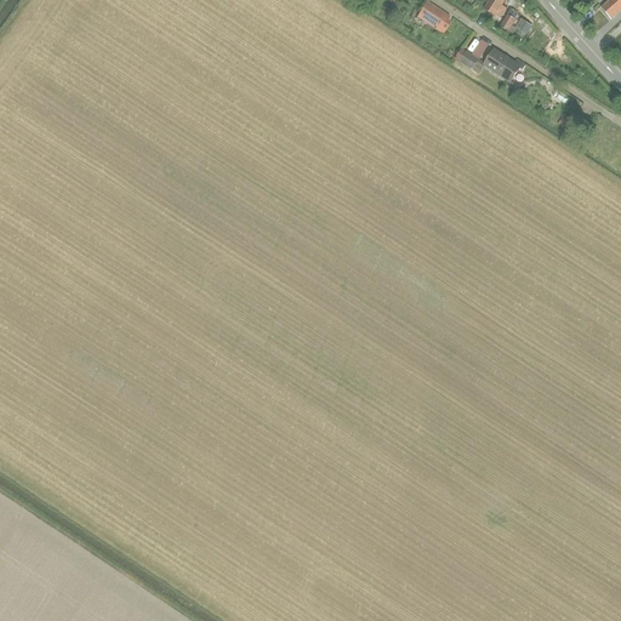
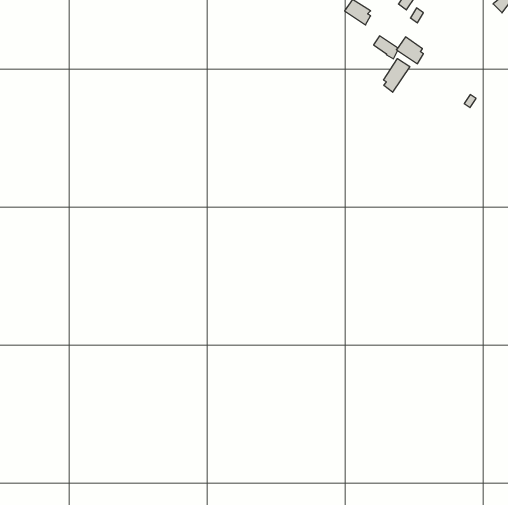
building: none -> [384,59,410,92]

